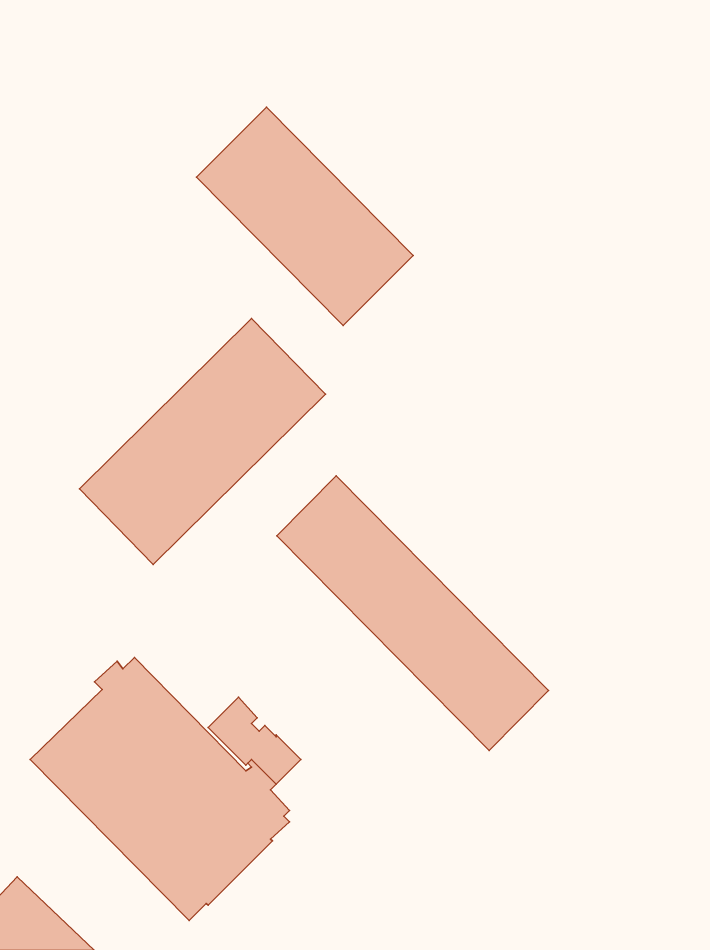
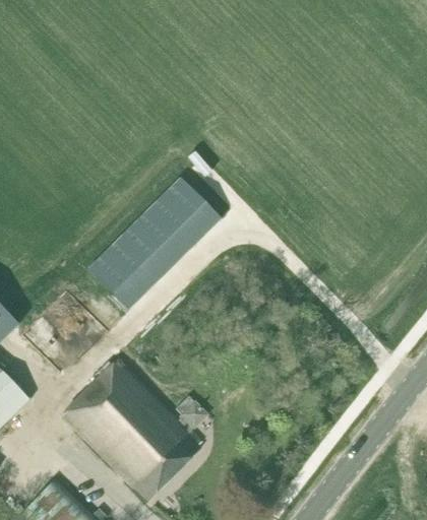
building: [196,107,413,325] -> none
building: [277,476,549,751] -> none

